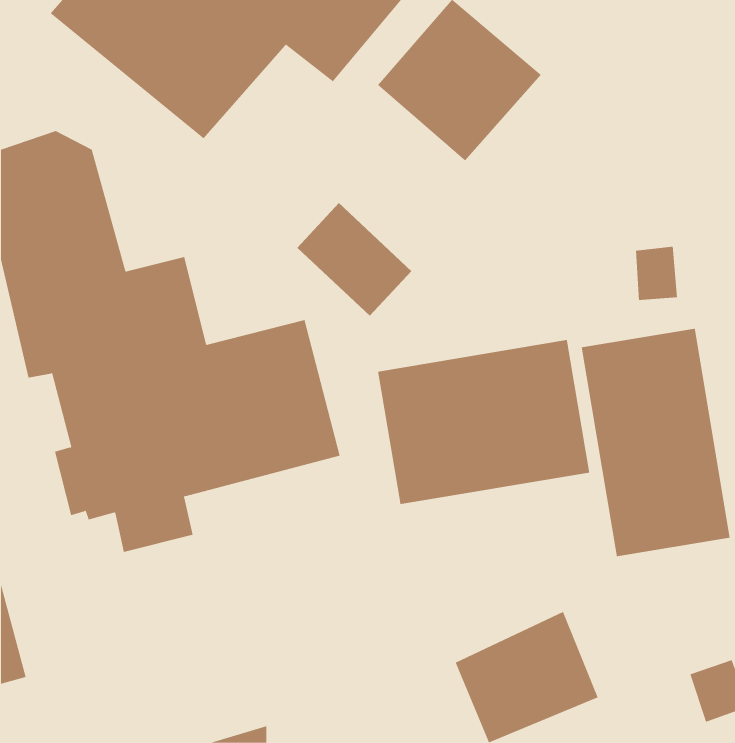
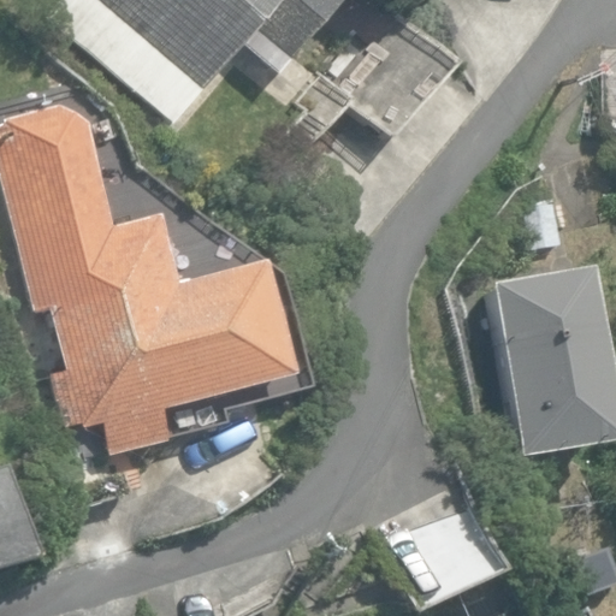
building: [378,339,590,505] -> none

